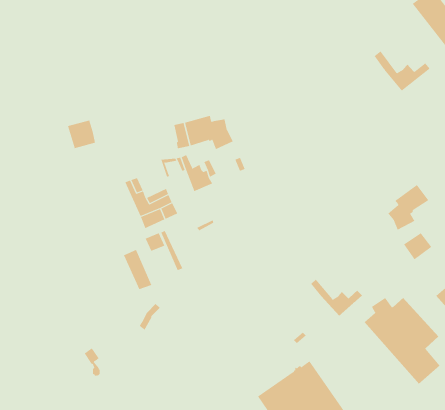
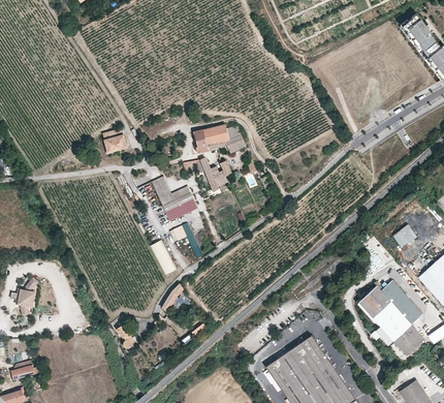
building: [374,50,430,91] -> none
building: [387,184,429,231] -> none
building: [310,279,363,316] -> none

